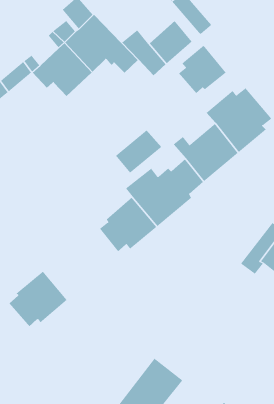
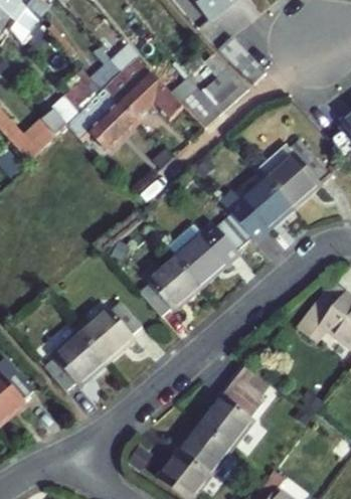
building: [178,45,226,94] -> none
building: [115,129,162,173] -> none
building: none -> [80,301,142,362]
building: none -> [200,364,271,449]

